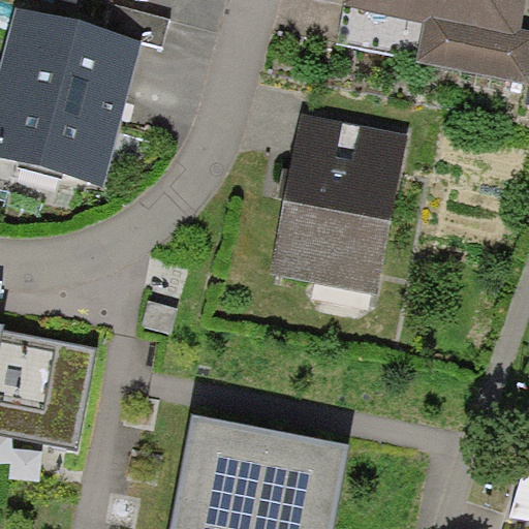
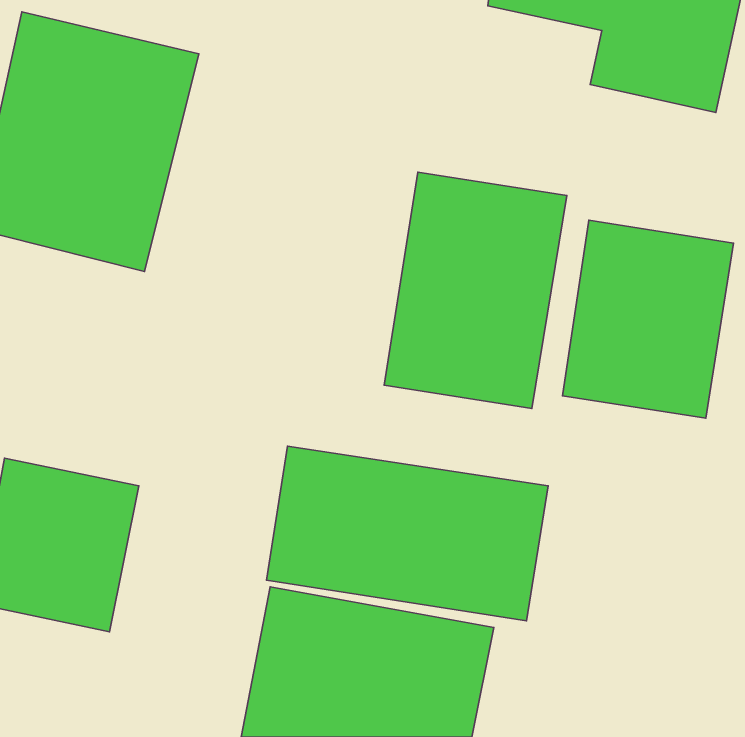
building: none -> [562,220,734,418]
building: none -> [267,446,548,621]

